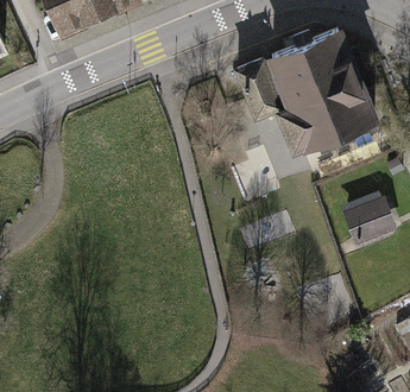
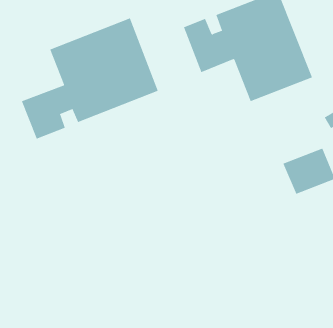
building: none -> [21,17,159,139]

